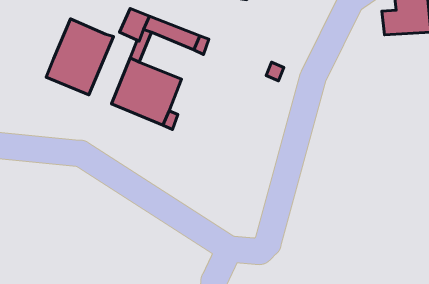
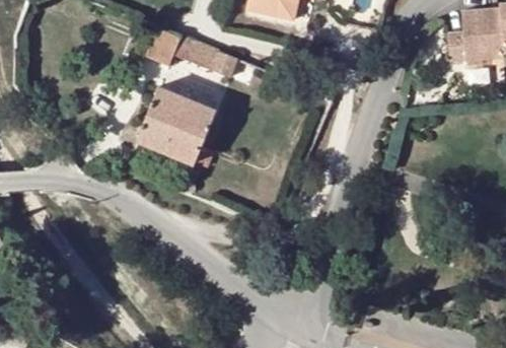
building: [46,19,113,95] -> none

